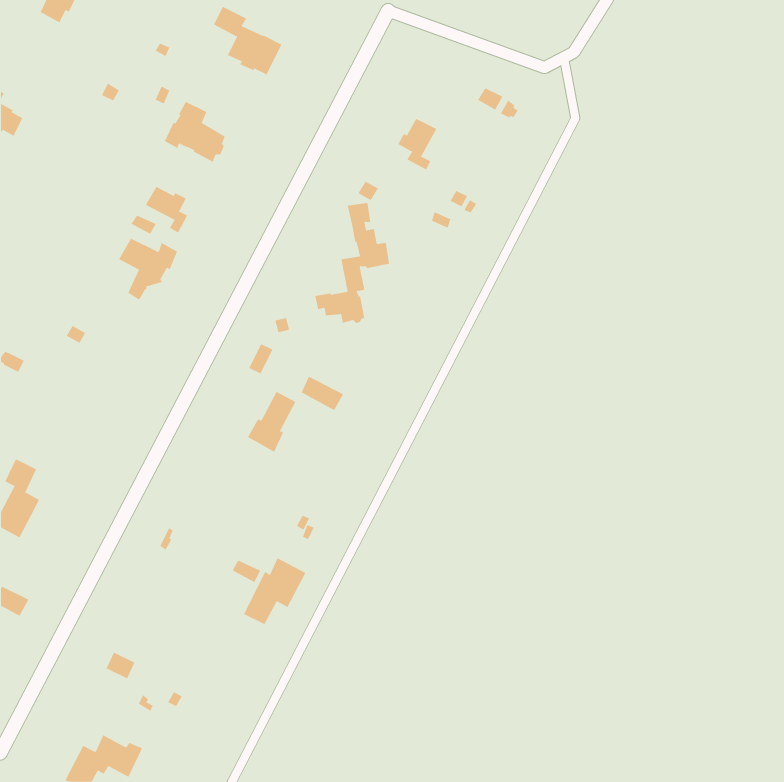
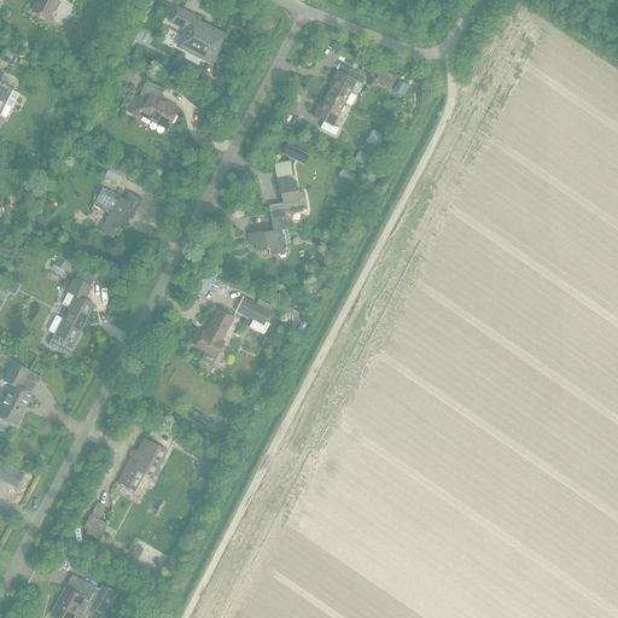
building: none -> [327,68,365,105]
building: [145,186,188,234] -> none
building: none -> [48,275,93,354]
building: [243,557,306,625] -> [117,437,167,490]

